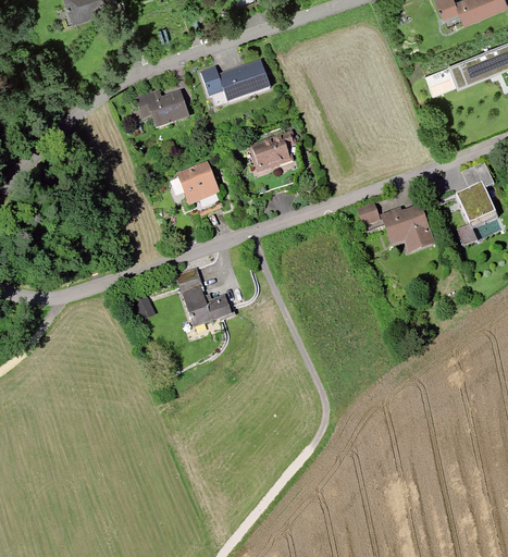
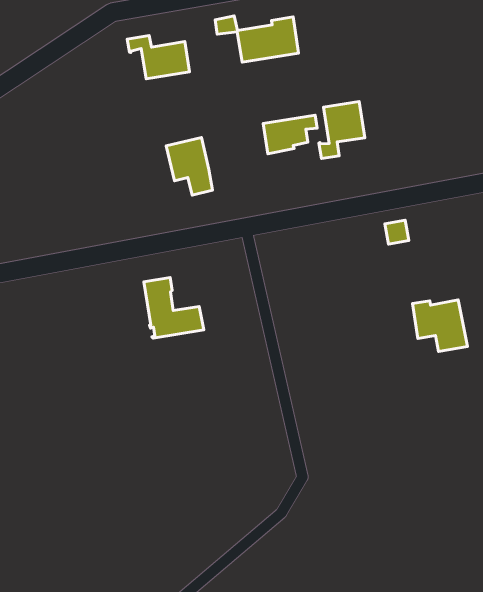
building: none -> [319,102,365,159]
building: [384,207,432,249] -> [412,300,467,352]

